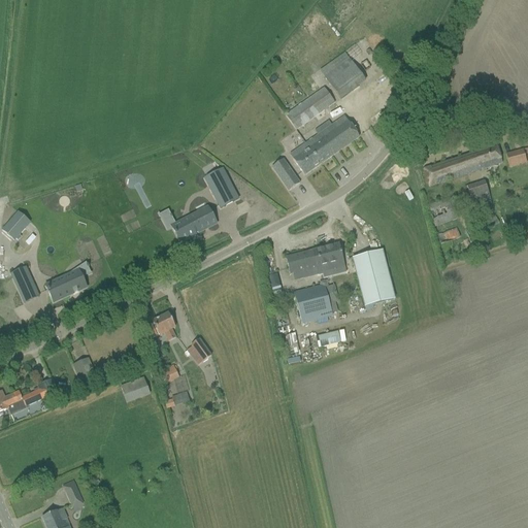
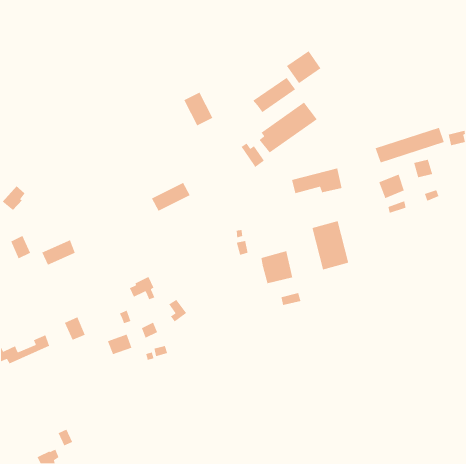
building: [205,167,239,206] -> [183,92,213,126]
building: [287,242,344,272] -> [291,168,342,194]

